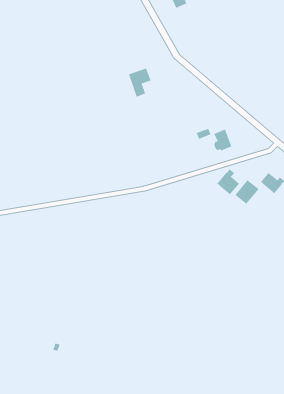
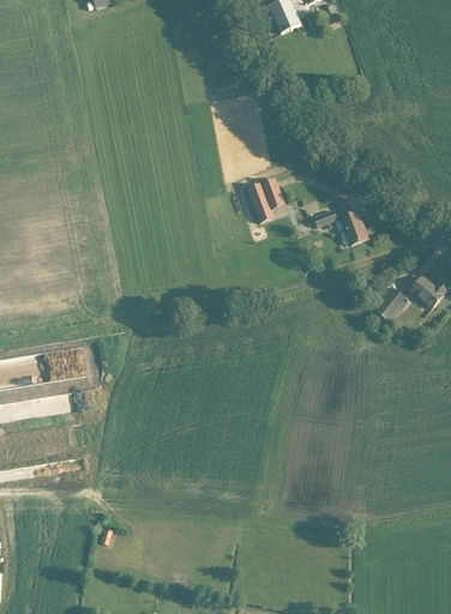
building: [128,68,151,97] -> [247,177,282,222]
building: [216,168,240,195] -> none

